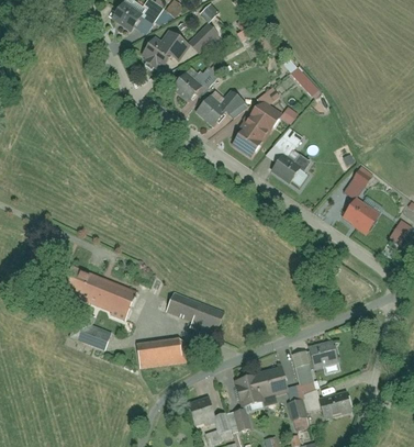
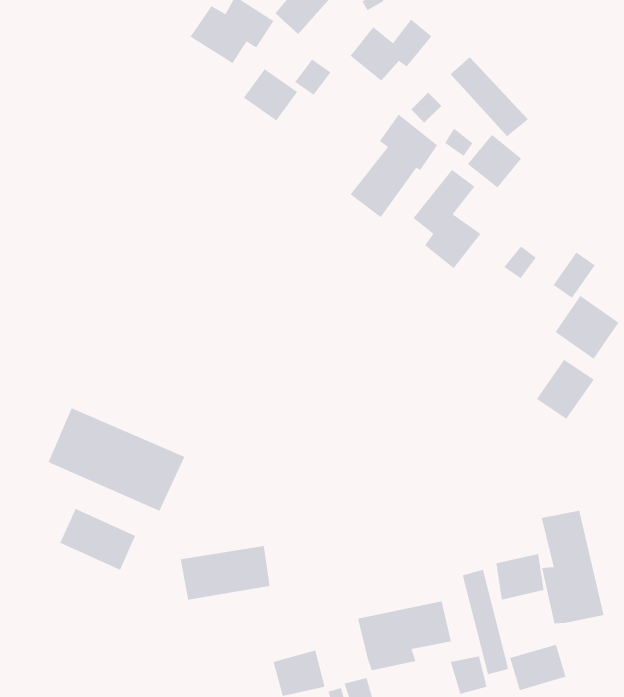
building: [195,91,242,126] -> [350,18,432,81]
building: none -> [467,134,522,189]
building: none -> [536,359,595,420]
building: [166,288,226,332] -> none
building: none -> [541,510,604,624]

